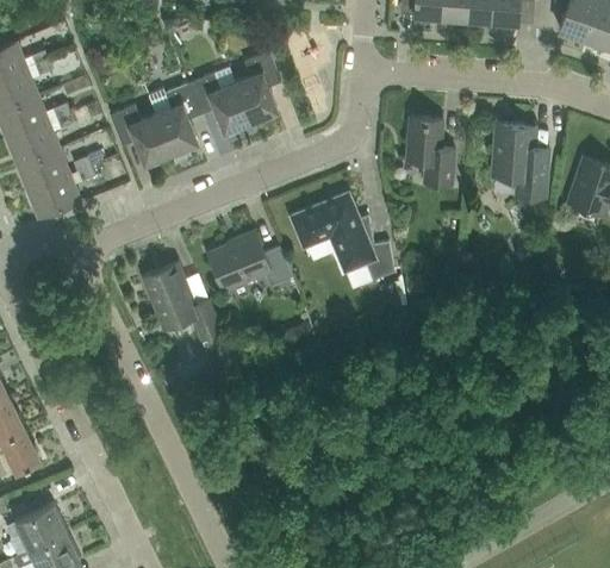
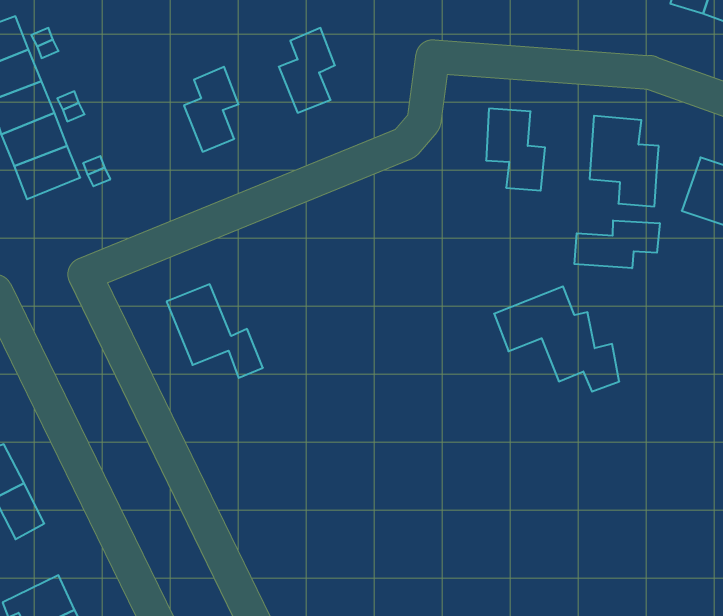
building: [189,74,250,132] -> none
building: [110,106,172,164] -> none
building: [26,175,81,219] -> none
building: [291,194,394,281] -> [494,286,619,392]
building: none -> [574,220,660,268]
building: [207,232,292,292] -> none

